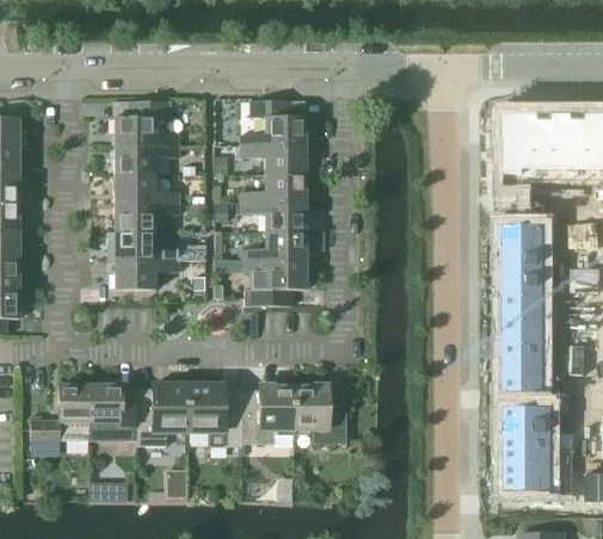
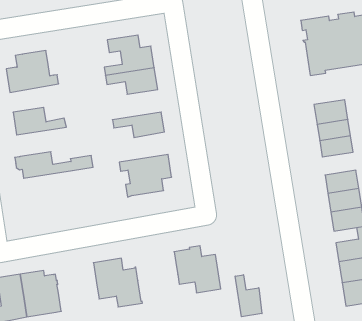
building: [115,145,179,173] -> none
building: [241,173,306,203] -> none
building: [115,203,180,231] -> none
building: [241,229,306,259] -> none
building: [115,260,179,289] -> none
building: [504,293,544,317] -> none
building: [136,383,187,445] -> none
building: [241,383,294,442] -> none
building: none -> [235,275,262,317]

